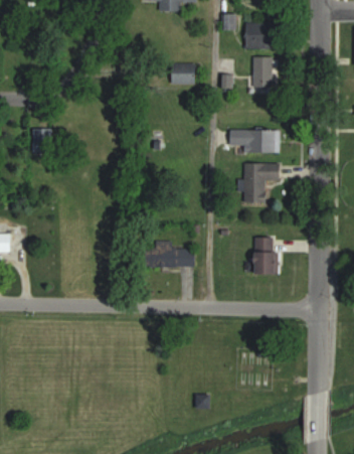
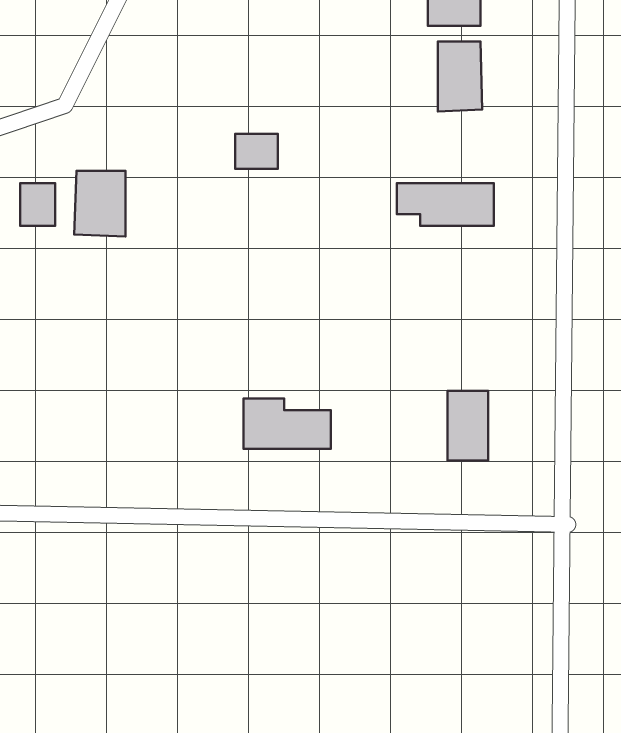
building: [173,64,195,83] -> [235,134,278,169]
building: none -> [74,171,126,236]
building: [237,163,280,202] -> none

